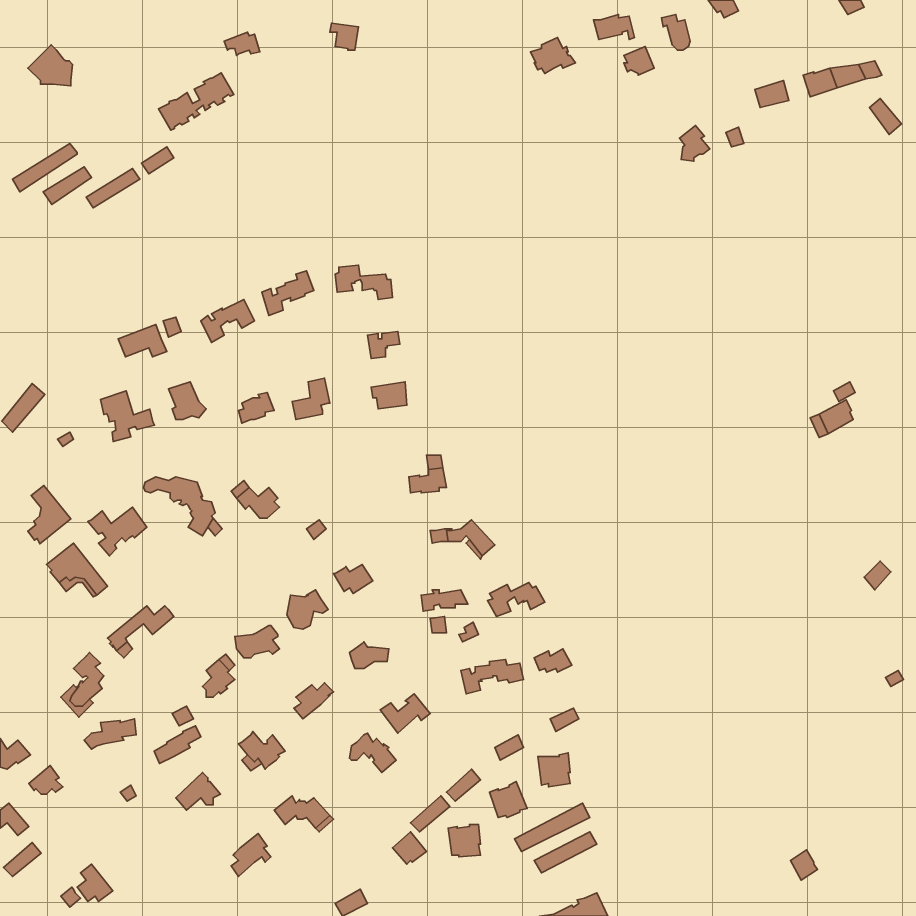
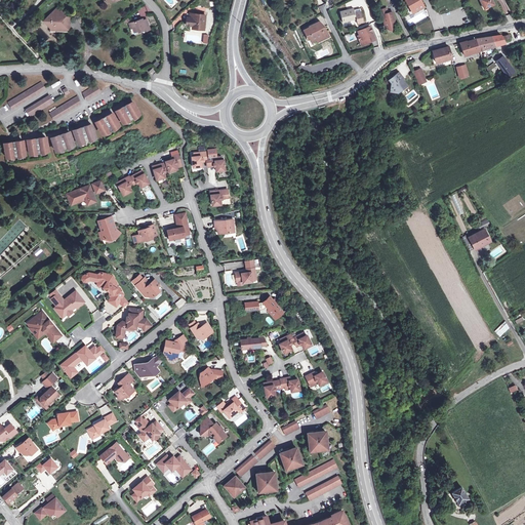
building: [28,45,73,86] -> [43,7,69,31]
building: [158,73,234,130] -> [95,100,138,133]
building: none -> [51,124,95,151]
building: none -> [4,136,48,158]
building: [101,391,155,441] -> none
building: [28,485,71,544] -> none
building: none -> [116,308,151,339]

